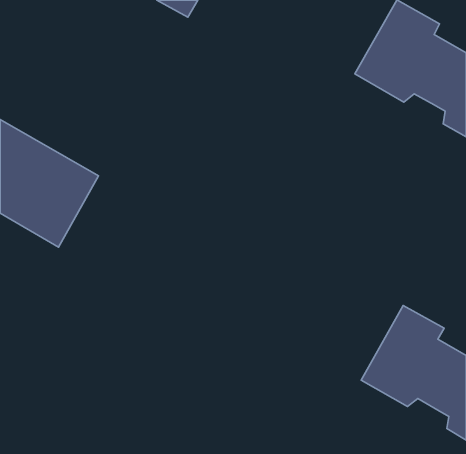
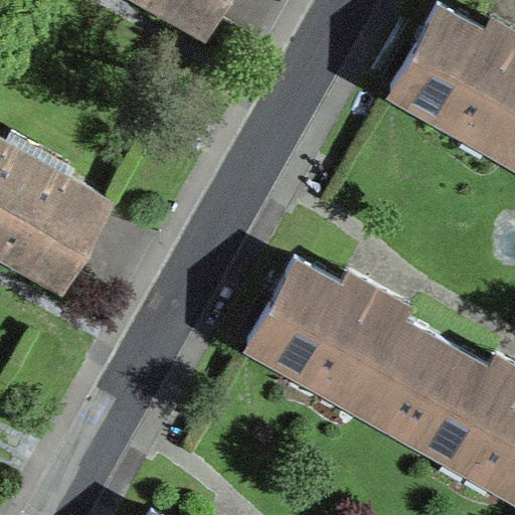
building: none -> [248,266,445,433]

